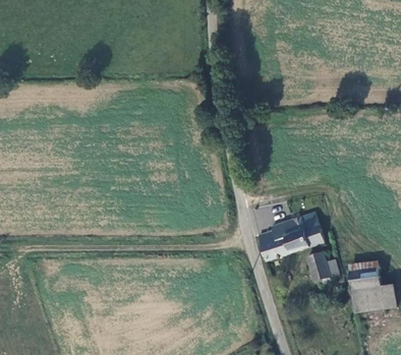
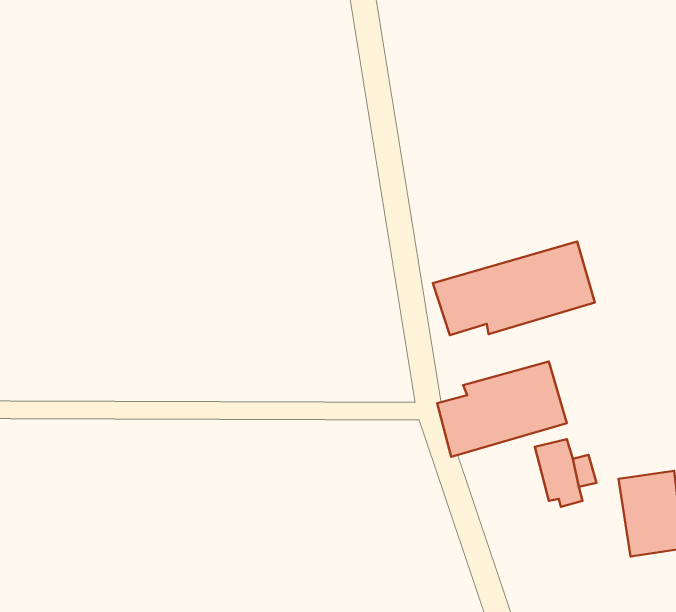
building: none -> [433,242,595,335]

